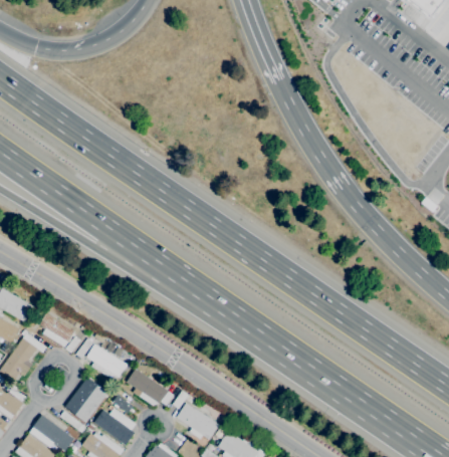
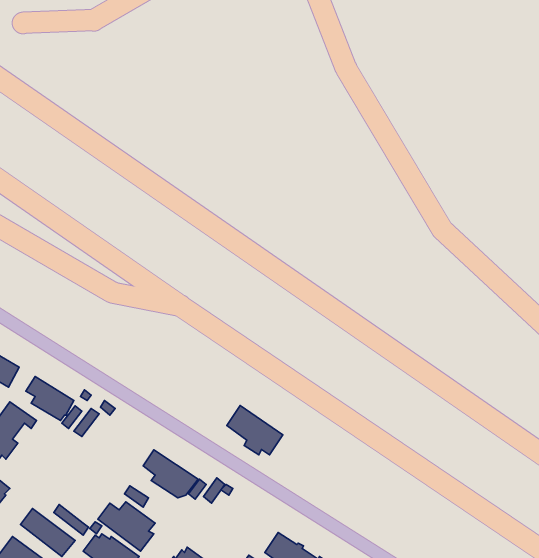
building: [86,345,127,381] -> none
building: [64,378,107,423] -> none
building: [176,403,218,440] -> [227,405,283,455]

